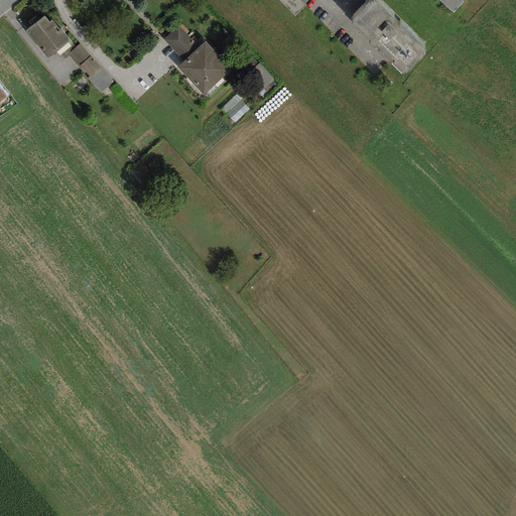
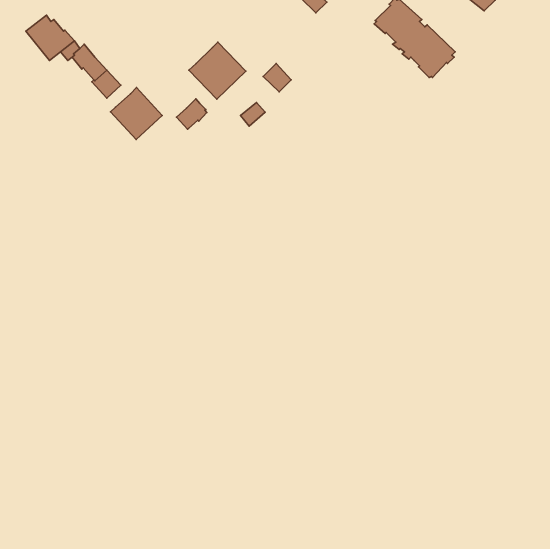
building: [161,22,199,59] -> none
building: none -> [110,88,162,140]
building: none -> [176,99,207,129]

